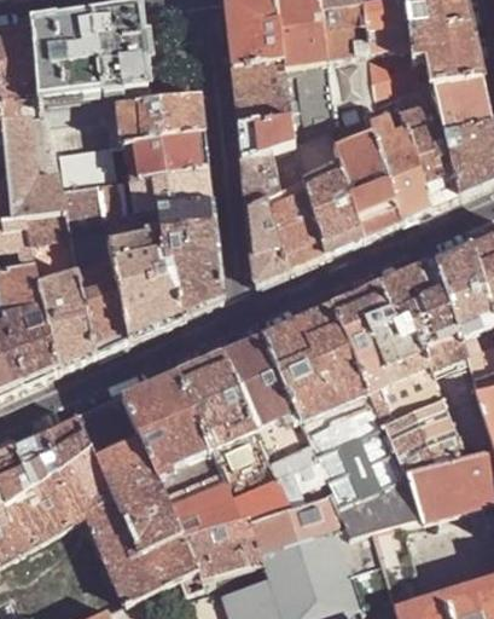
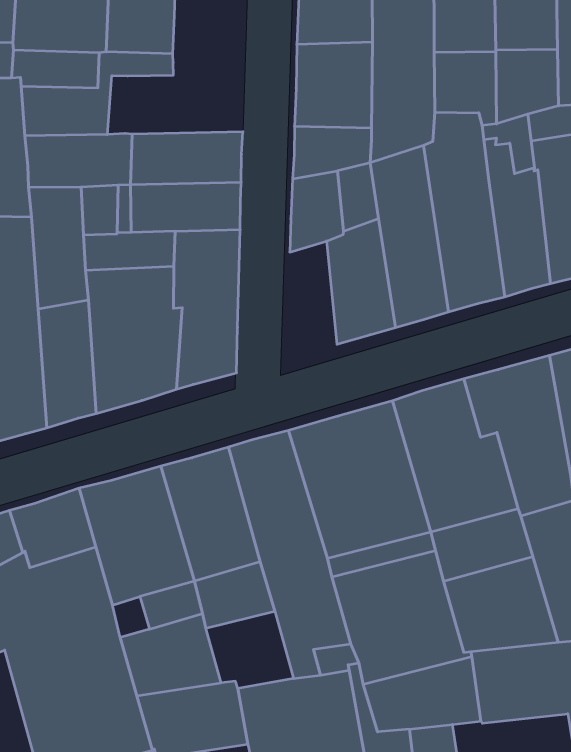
building: [109,94,204,146] -> none
building: [248,199,289,284] -> none
building: [225,459,290,516] -> none

